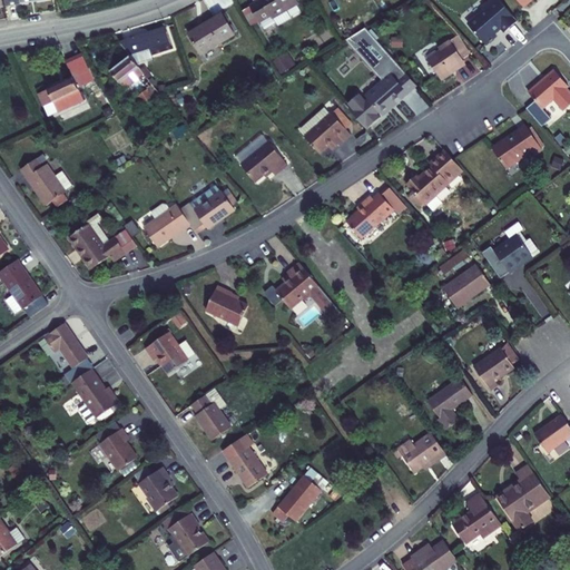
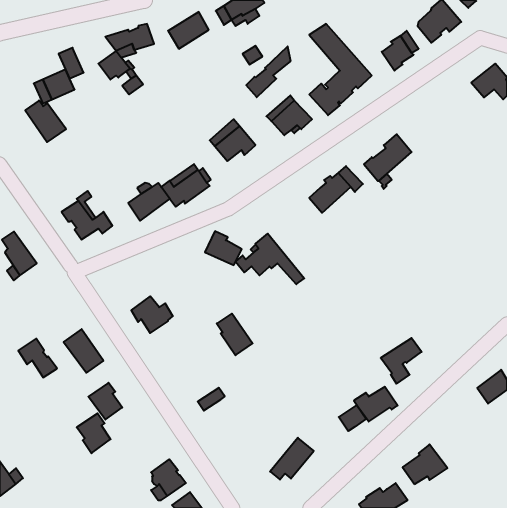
building: none -> [246,46,290,97]
building: [491,125,541,168] -> none
building: [21,158,67,205] -> [25,100,66,142]
building: [482,223,531,277] -> none
building: [443,265,490,307] -> none
building: [206,286,247,324] -> [205,231,242,265]
building: [45,324,88,367] -> [18,339,57,377]
building: [473,343,518,390] -> none
building: [190,393,230,440] -> [217,314,253,355]
building: [228,448,266,487] -> none
building: none -> [339,405,366,431]
building: [497,464,544,523] -> none
building: [139,466,177,511] -> [77,413,111,453]
building: [272,475,321,522] -> [270,438,314,480]

